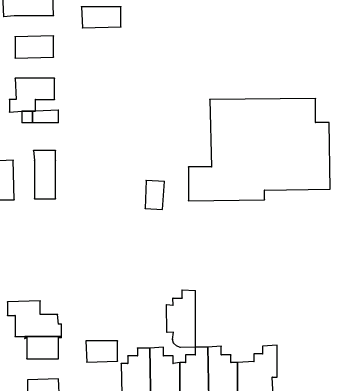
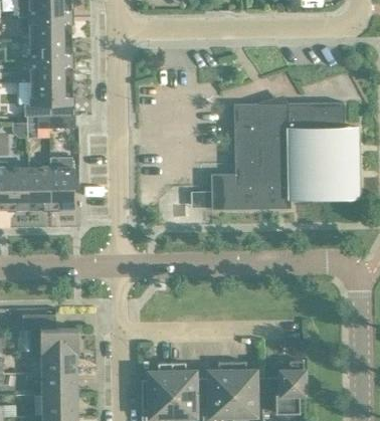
building: [81,7,121,28] -> [29,17,70,39]
building: none -> [30,60,71,82]
building: none -> [28,168,50,209]
building: [166,290,195,347] -> none
building: [86,341,118,362] -> [42,375,75,397]

